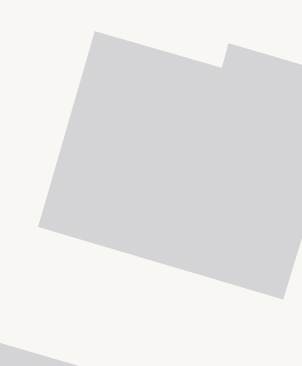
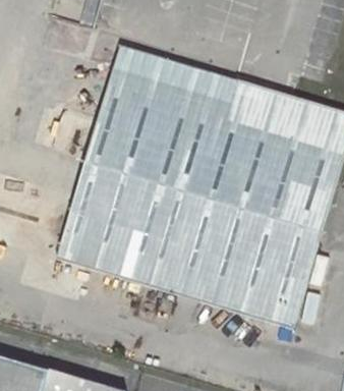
building: none -> [113,46,239,105]

